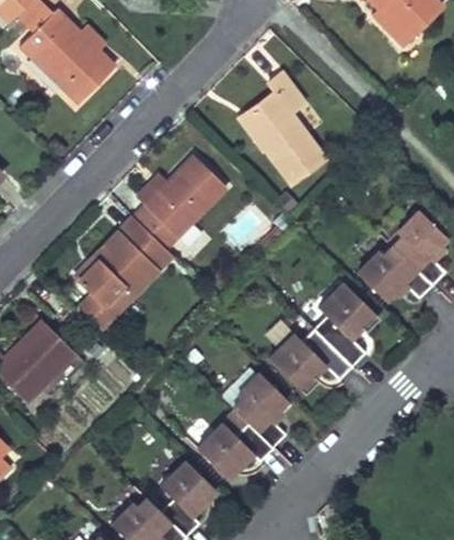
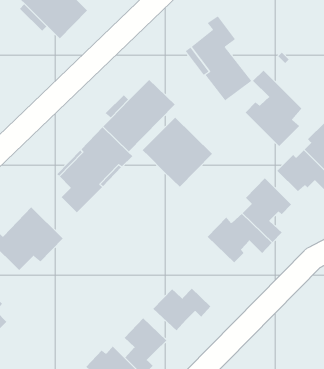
building: none -> [245,70,302,147]
building: none -> [142,117,213,187]
building: [233,374,287,447] -> none

